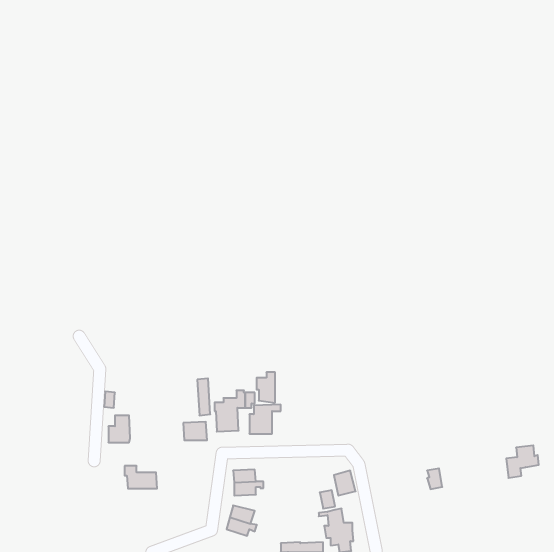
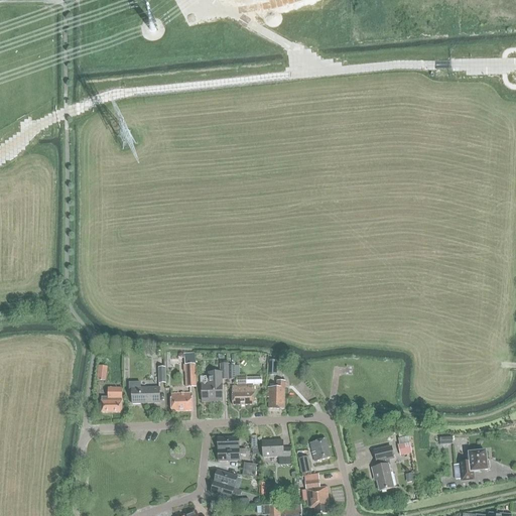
building: [257,372,275,403] -> [267,380,284,408]
building: [506,445,539,478] -> [460,449,490,480]
building: [125,466,157,489] -> [129,381,159,402]
building: none -> [262,439,290,464]
building: none -> [372,445,393,489]

